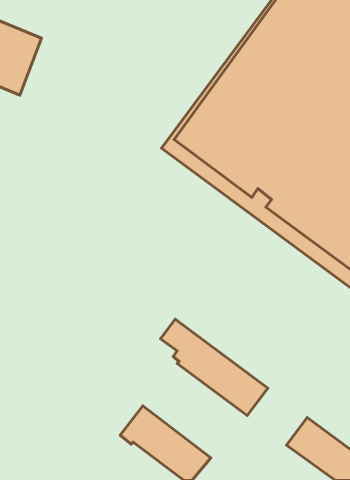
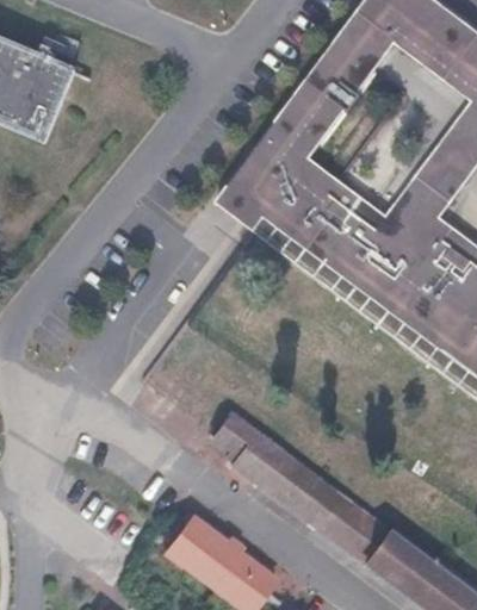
building: none -> [318,494,391,564]

